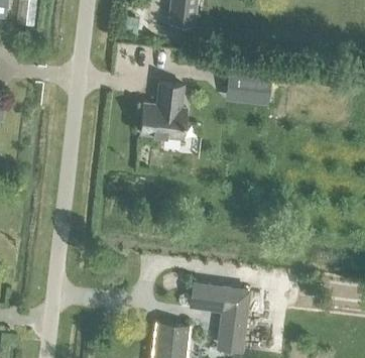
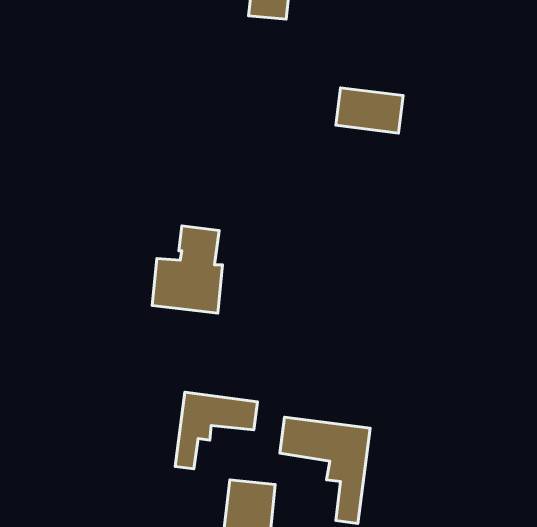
building: [140,83,186,139] -> [152,226,222,313]
building: none -> [175,392,258,469]

